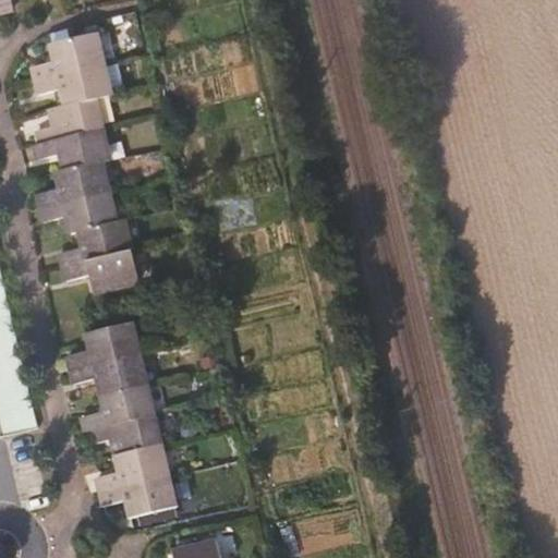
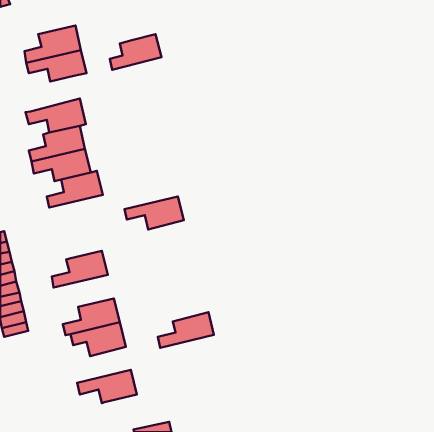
building: [36,97,102,143] -> [110,34,162,70]
building: [63,250,140,292] -> [124,196,184,230]
building: [69,352,146,393] -> none
building: [96,445,168,490] -> [158,312,214,348]

